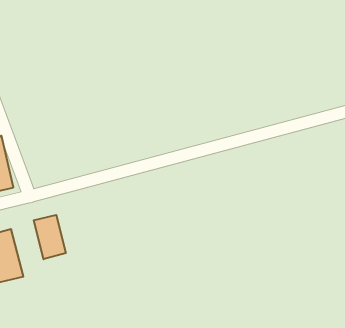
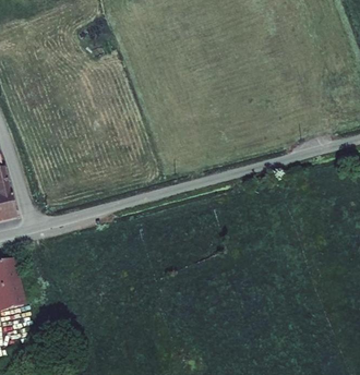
building: [34,215,66,259] -> none

